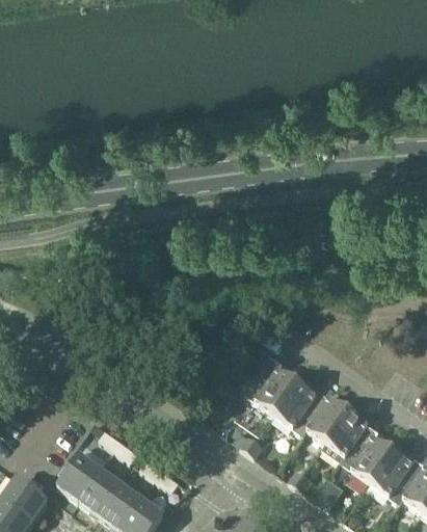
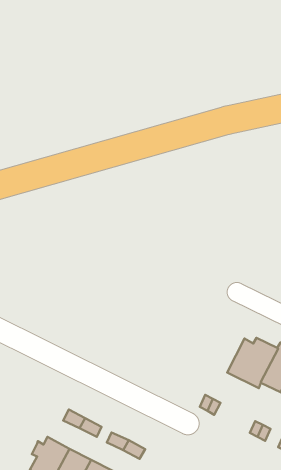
building: [246,356,299,416] -> none

